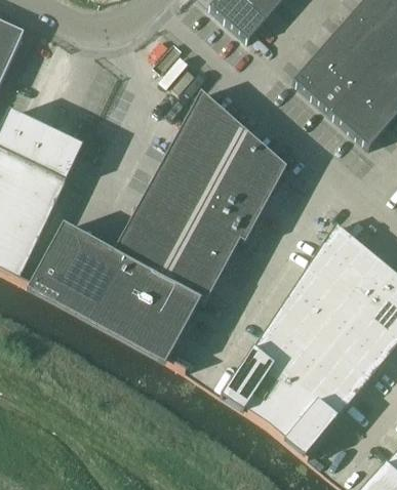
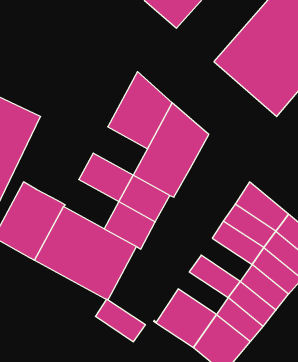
building: [148,156,213,214] -> none
building: [112,219,178,279] -> none
building: [278,290,340,342] -> none
building: [250,331,311,382] -> [95,299,145,342]

